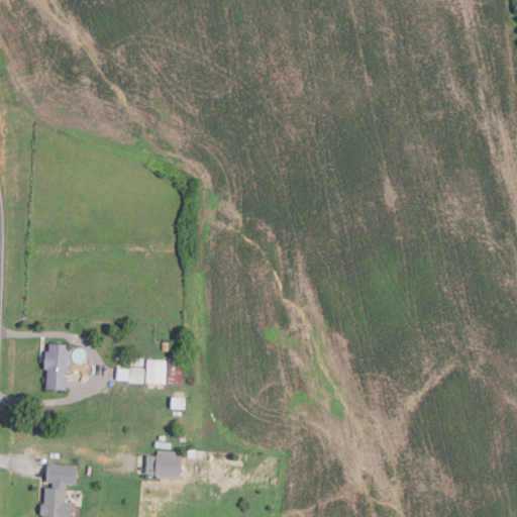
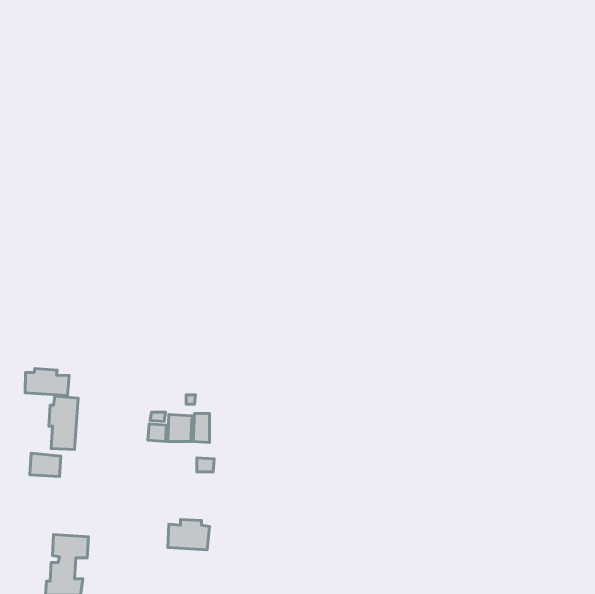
building: none -> [25,369,69,396]
building: none -> [30,453,61,477]

